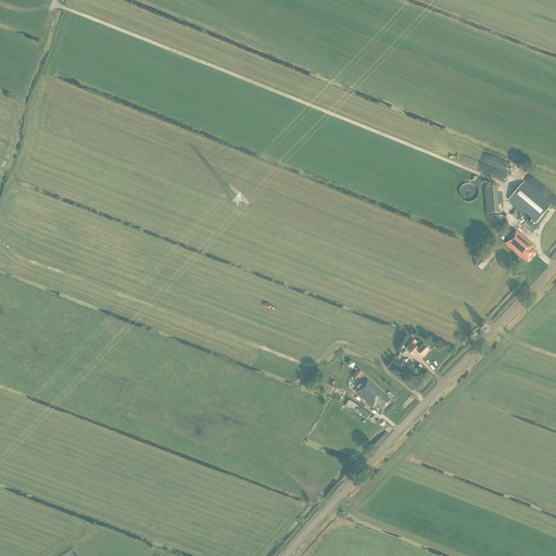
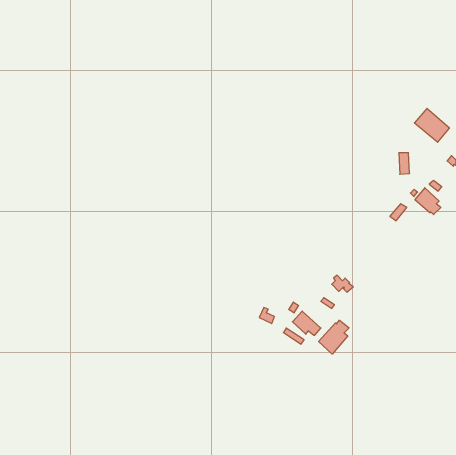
building: [507,180,549,222] -> [414,108,449,142]
building: none -> [319,320,349,354]

